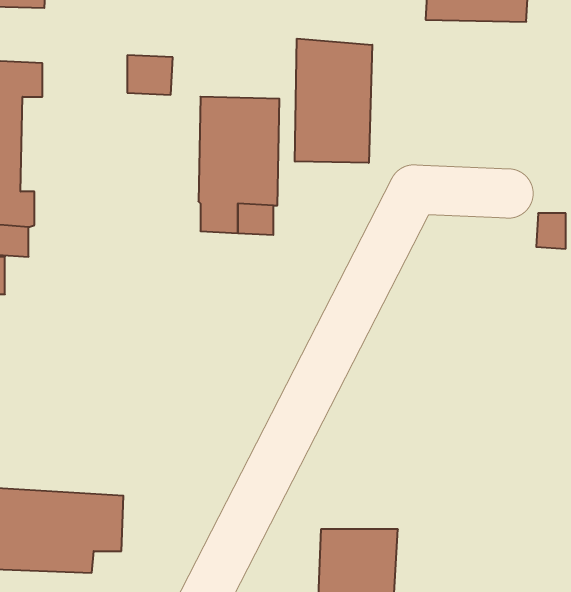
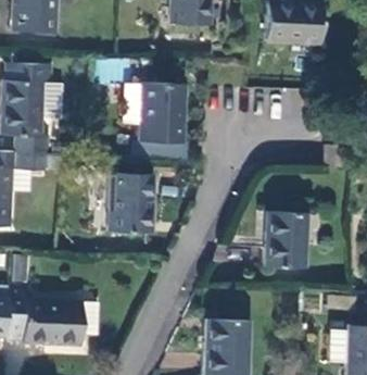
building: [295,39,372,163] -> none
building: none -> [107,173,153,233]
building: none -> [266,212,306,267]

